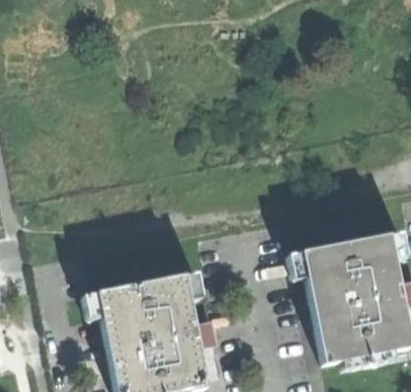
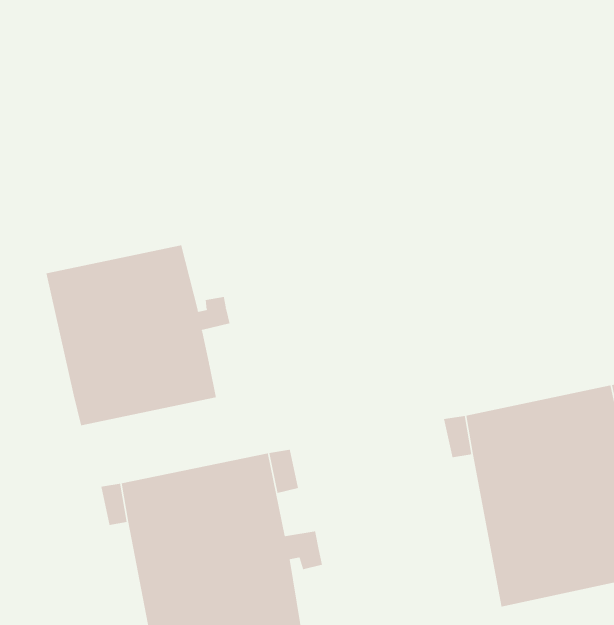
building: none -> [46,245,230,426]

